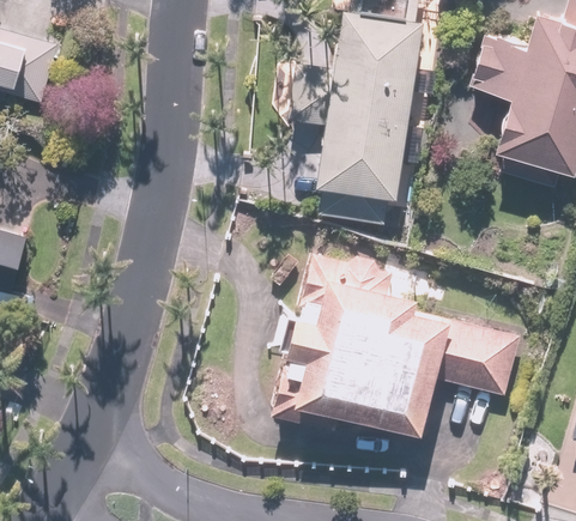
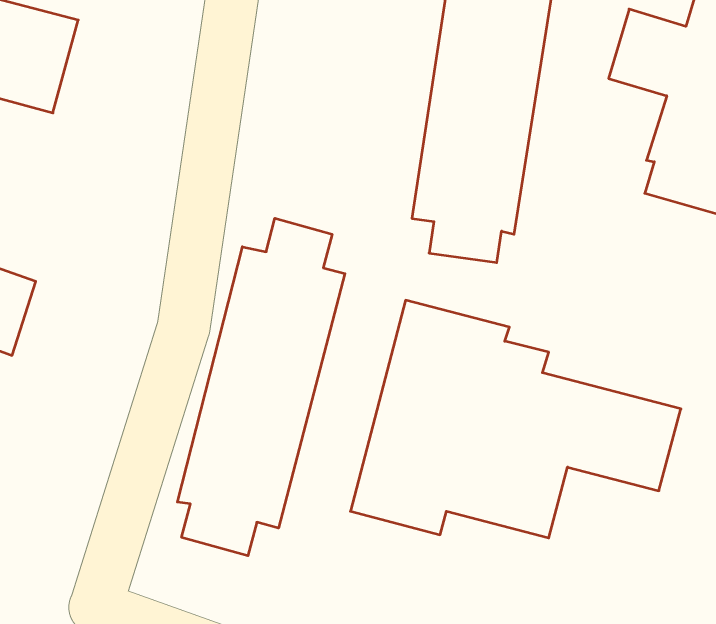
building: none -> [177,218,345,556]

